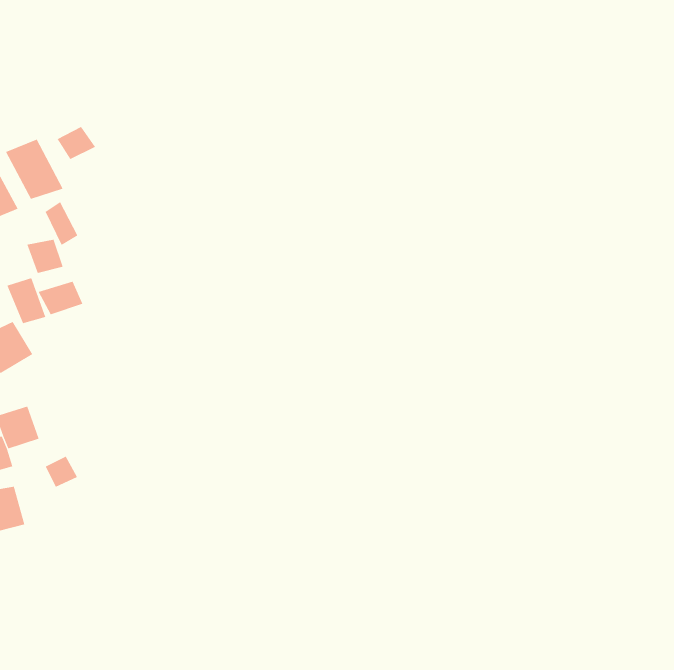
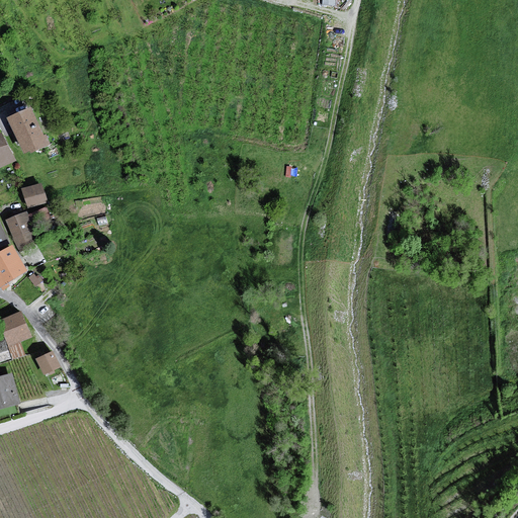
building: [57,126,96,160] -> none
building: [45,201,78,246] -> none
building: [38,281,83,315] -> none

